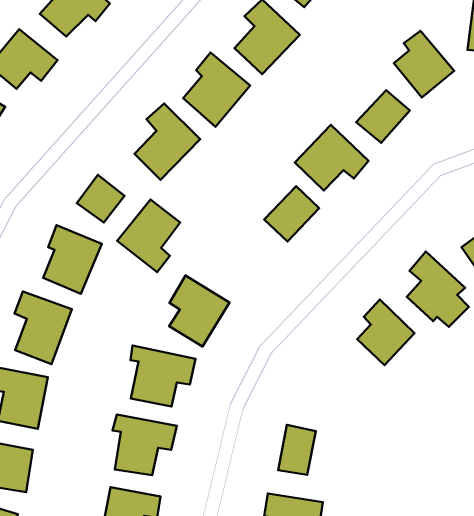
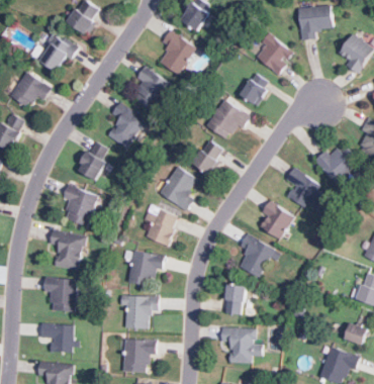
building: [117,199,180,272] -> [160,167,196,210]
building: none -> [238,234,274,277]

